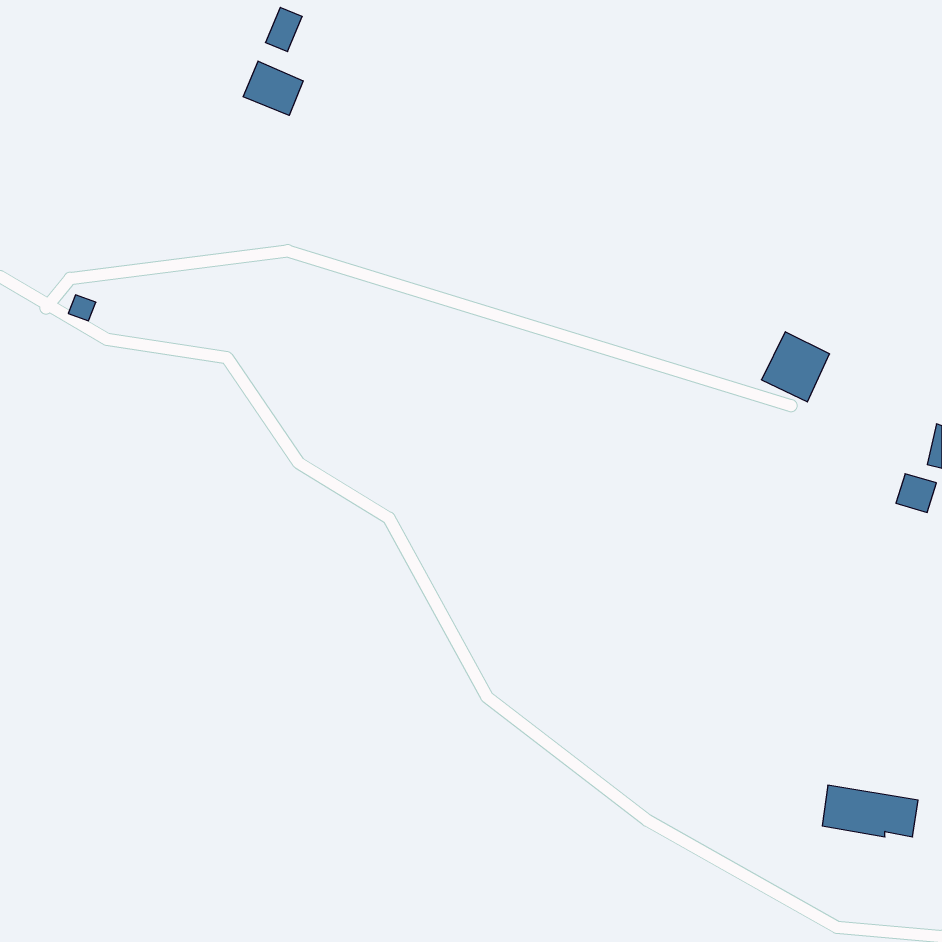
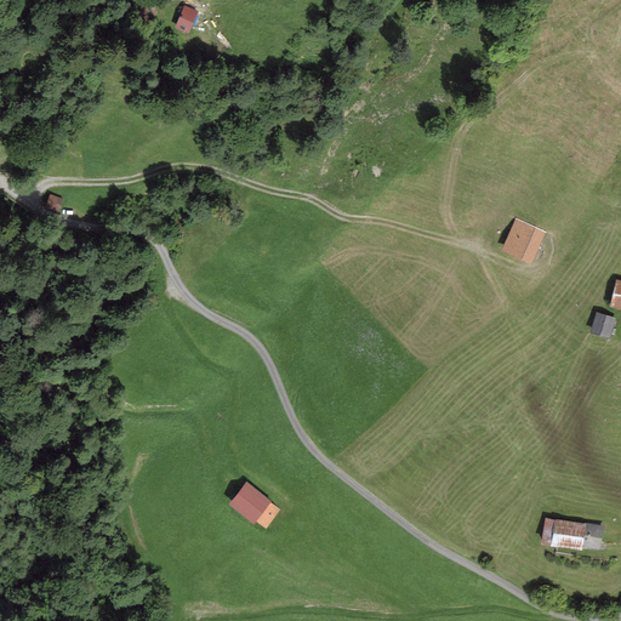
building: [243,61,303,115] -> none
building: none -> [229,482,280,528]

